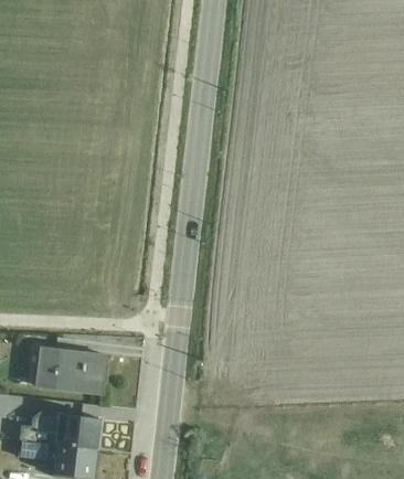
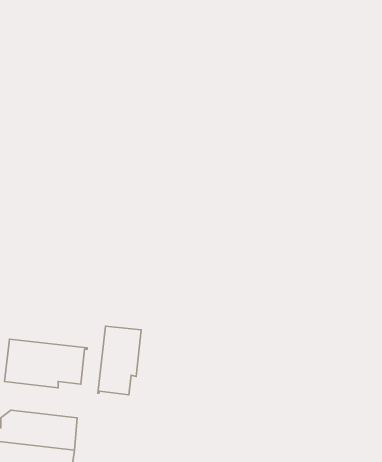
building: none -> [98,326,141,395]

